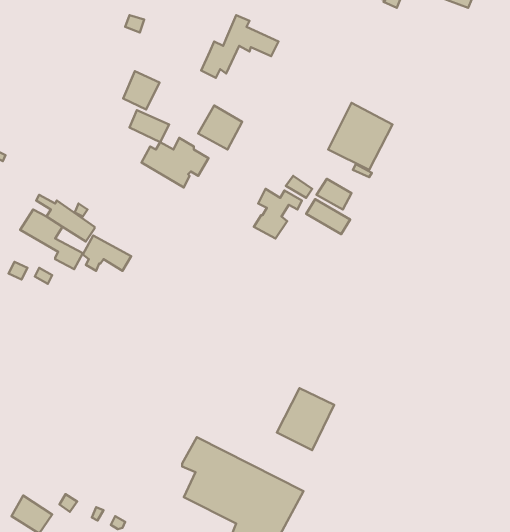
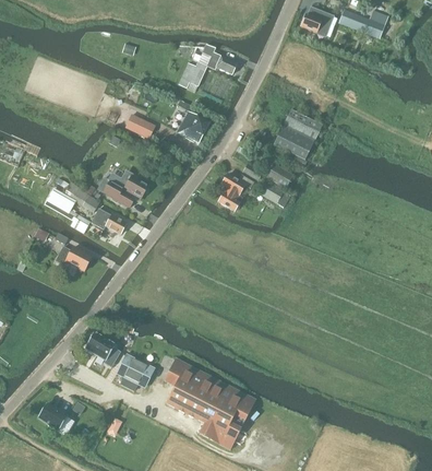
building: [123,71,159,109] -> none
building: [141,138,208,187] -> [98,169,148,207]
building: none -> [56,246,92,270]
building: [277,388,334,450] -> none
building: none -> [85,331,120,367]
building: none -> [118,353,155,390]

